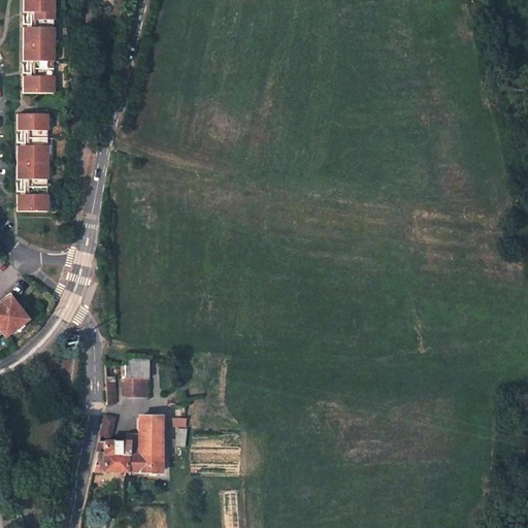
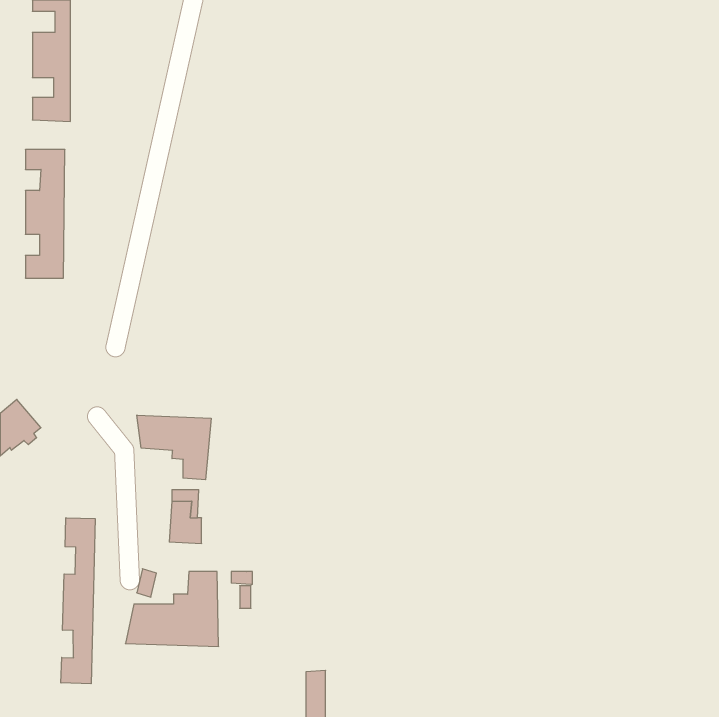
building: none -> [137,415,211,480]
building: none -> [61,518,95,684]

